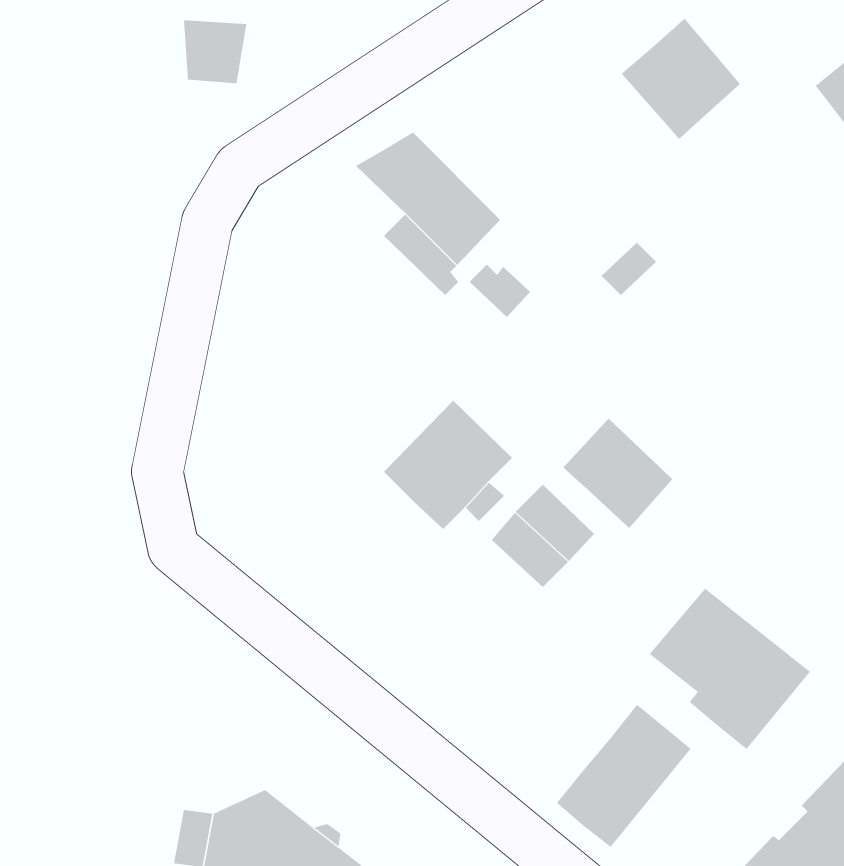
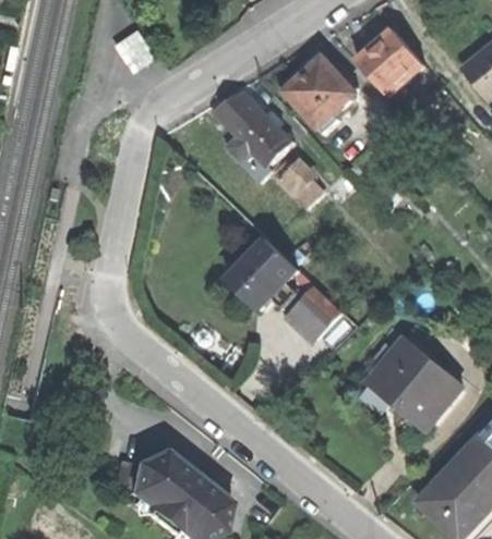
building: none -> [280,57,356,132]
building: [563,418,673,529] -> none
building: [556,704,692,848] -> none

